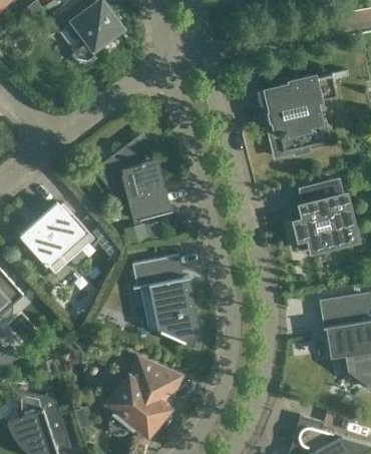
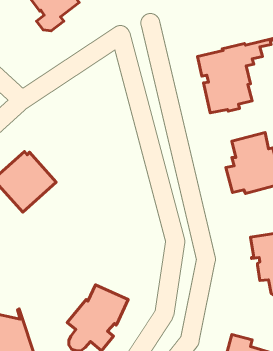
building: [94,138,172,219] -> none
building: [132,255,195,343] -> none

